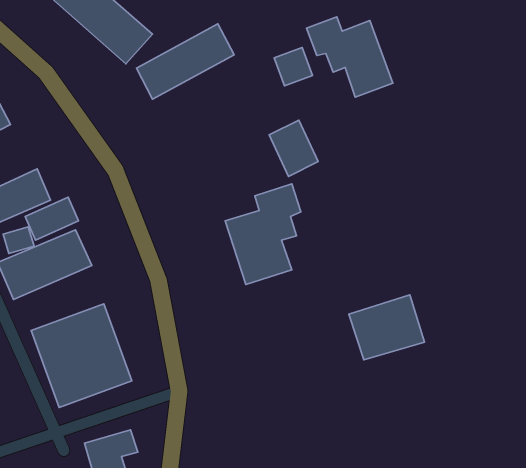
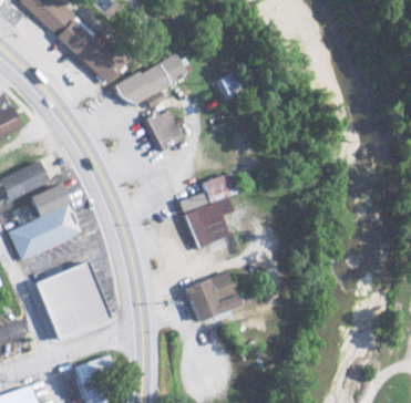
building: [307,17,393,97] -> none
building: [269,120,318,176] -> [146,109,183,151]
building: [349,295,425,360] -> [186,271,243,320]

